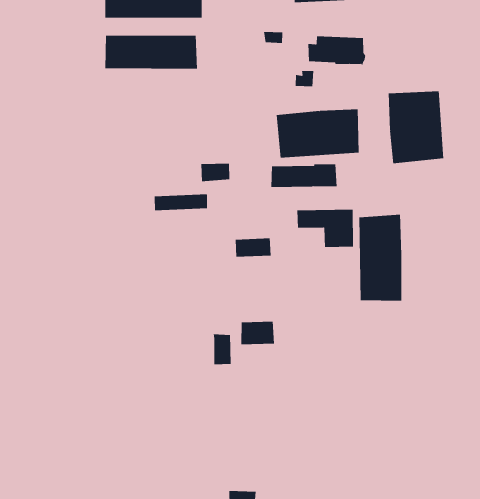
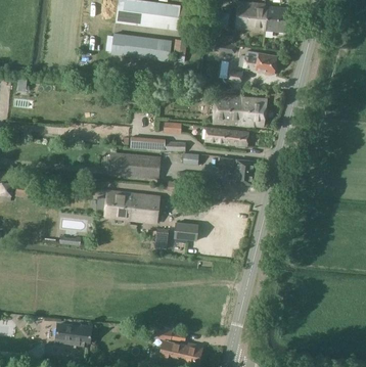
building: [388,90,444,164] -> none
building: [359,214,402,301] -> none
building: none -> [108,150,161,177]
building: none -> [96,188,159,221]

